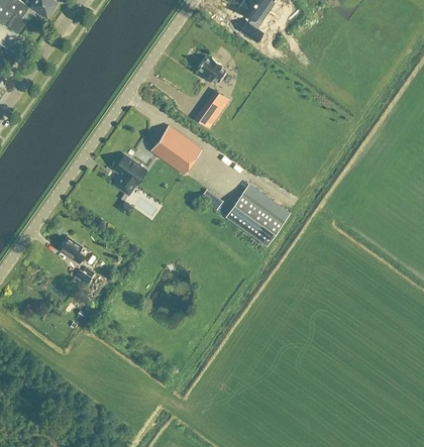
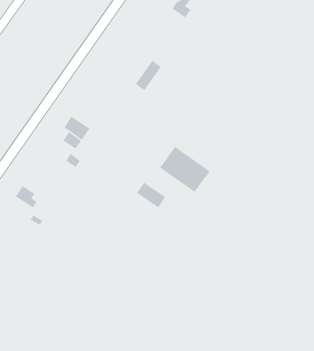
building: [197,55,225,84] -> none
building: [150,125,201,174] -> none
building: none -> [136,182,166,209]

